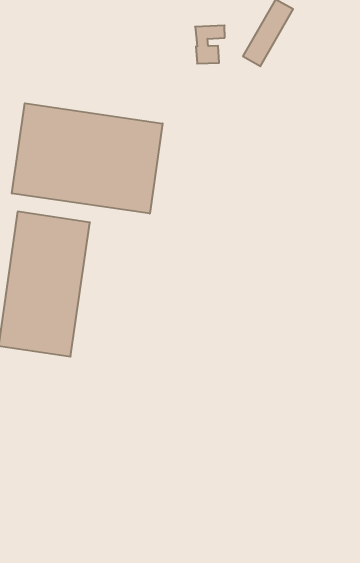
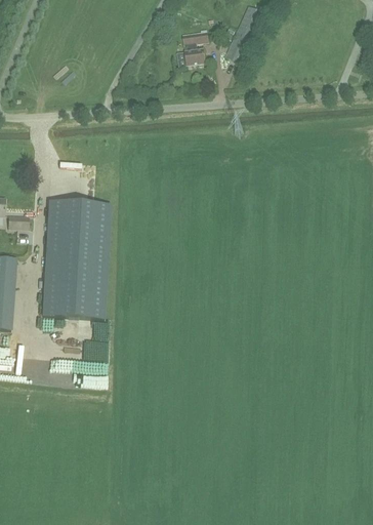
building: [12,103,163,214] -> none

